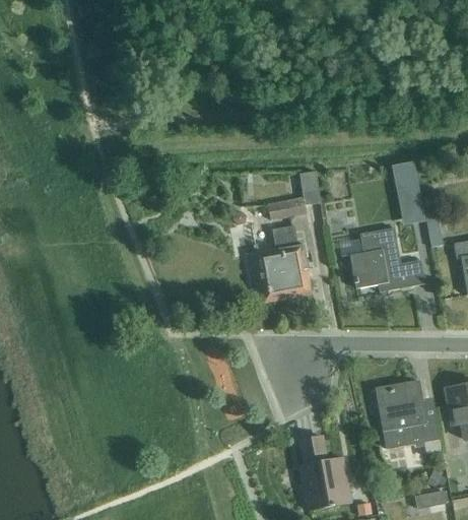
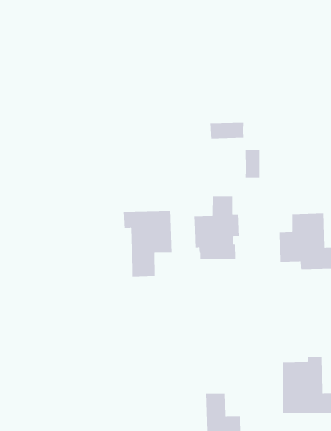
building: [266,195,306,219] -> [210,122,244,139]
building: none -> [123,210,172,277]

